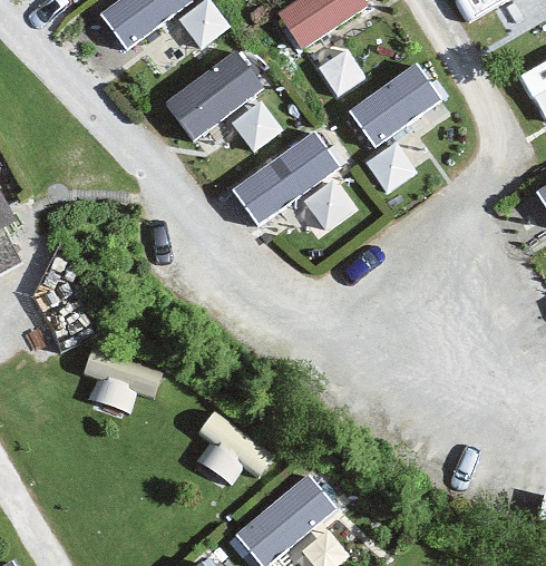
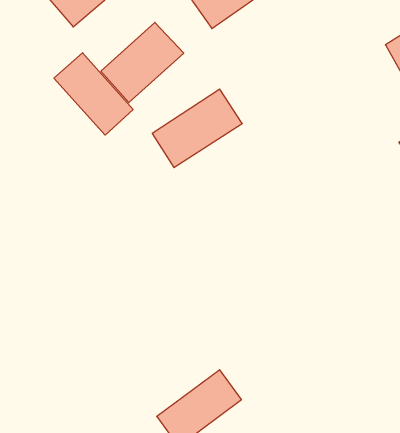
building: [349,66,443,142] -> none
building: none -> [54,53,133,135]

